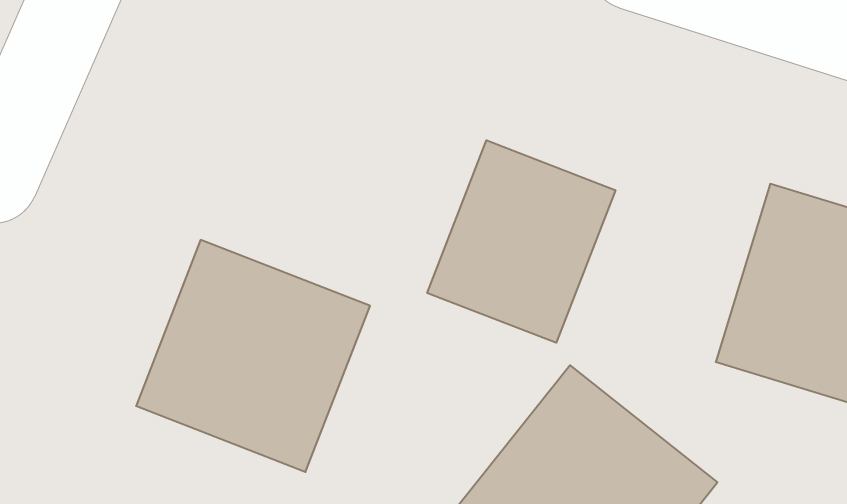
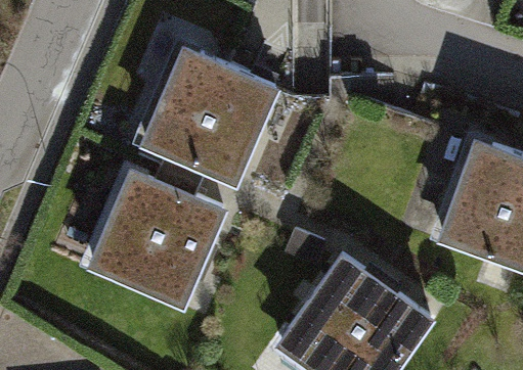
building: none -> [134,46,277,189]
building: [427,140,615,343] -> none

